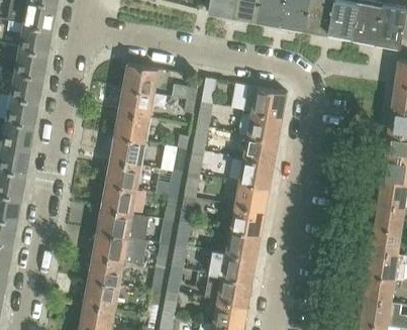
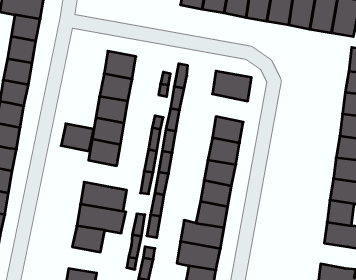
building: [237,111,282,142] -> none
building: [100,185,136,215] -> [61,124,94,151]
building: [363,277,393,305] -> none
building: [83,281,118,310] -> none

